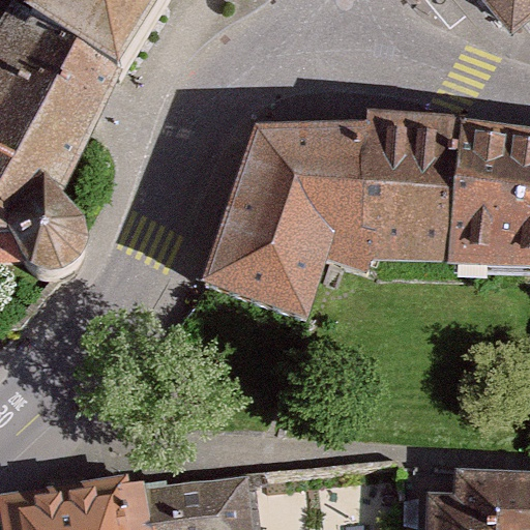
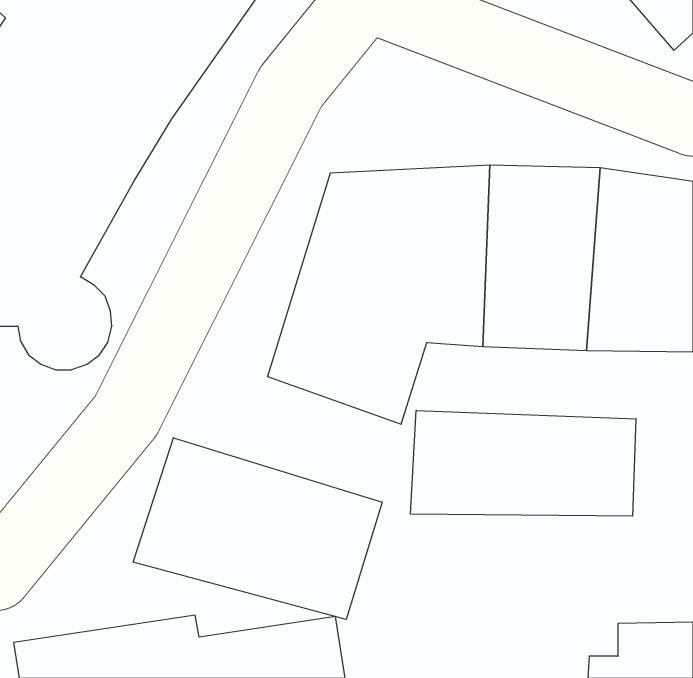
building: none -> [411,410,636,516]
building: none -> [133,438,382,619]

